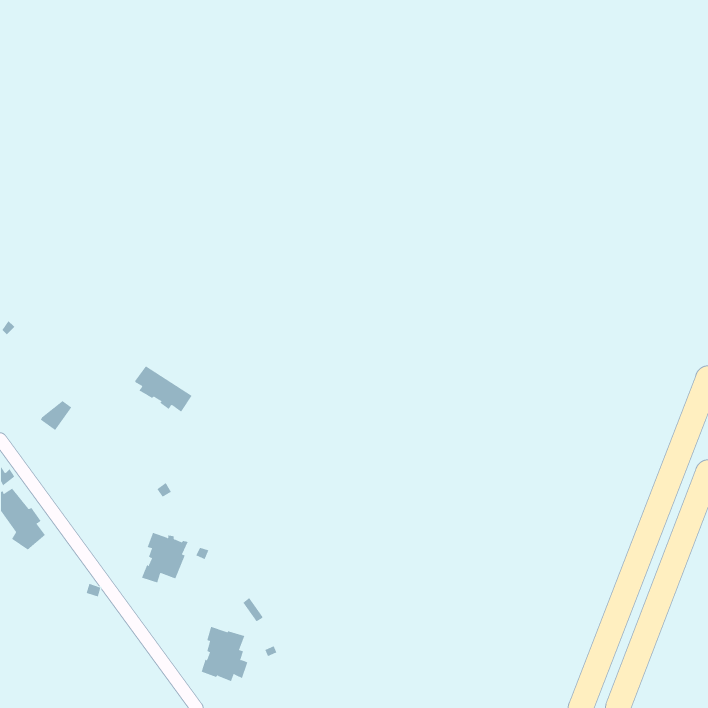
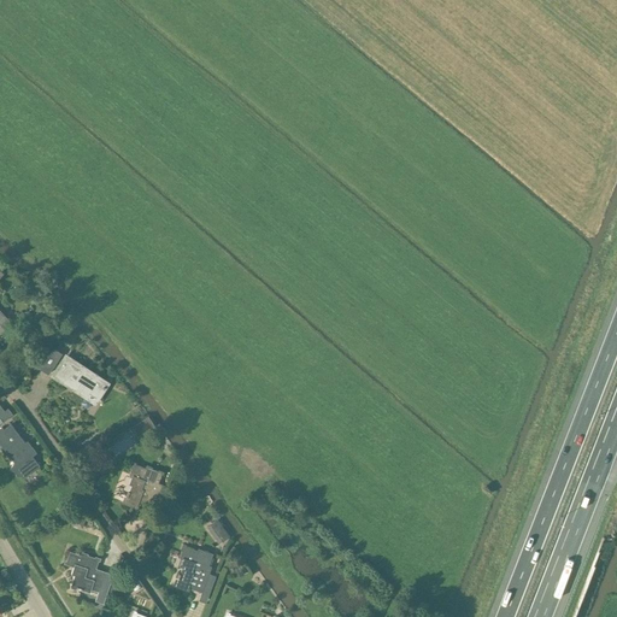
building: [134,365,193,413] -> [55,358,106,399]
building: none -> [65,551,112,594]

